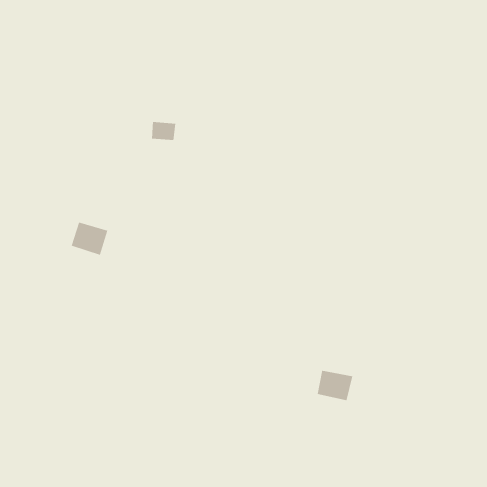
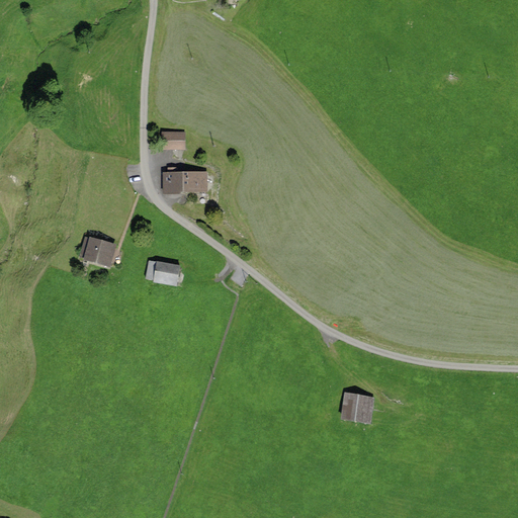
building: none -> [165,173,207,194]
building: none -> [152,259,179,284]

